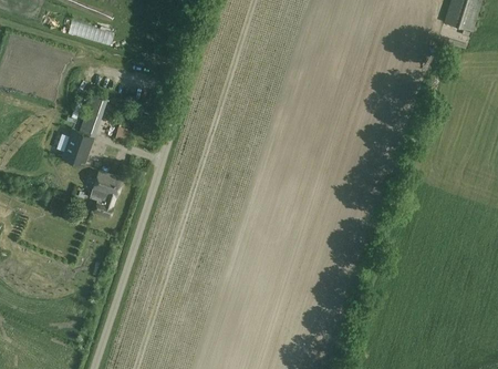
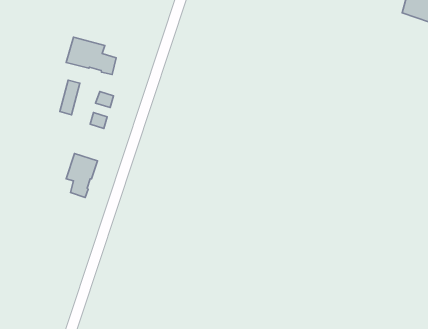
building: none -> [66,37,116,75]
building: [61,130,93,165] -> none

